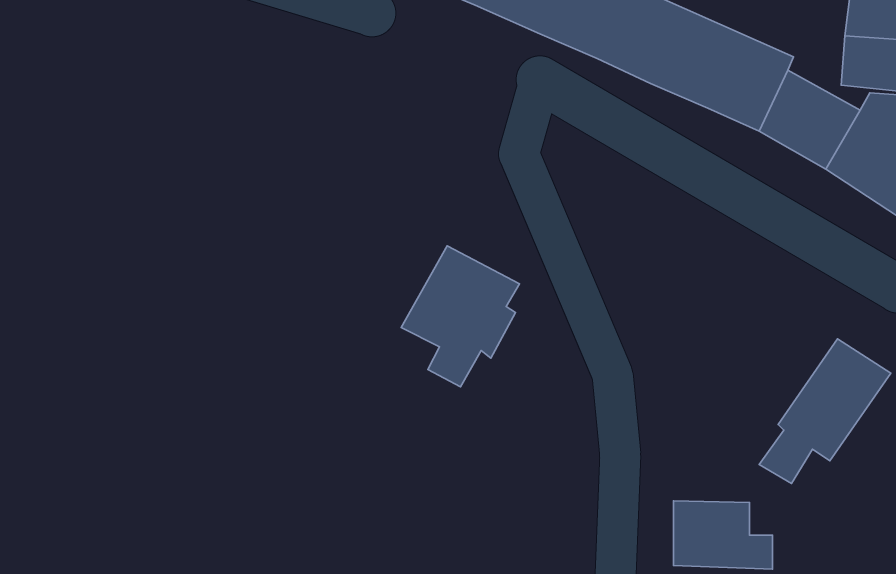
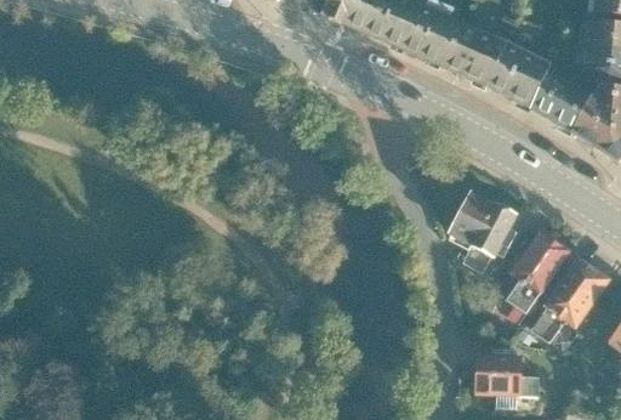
building: [401,246,519,387] -> [449,180,524,269]
building: none -> [507,221,576,312]

